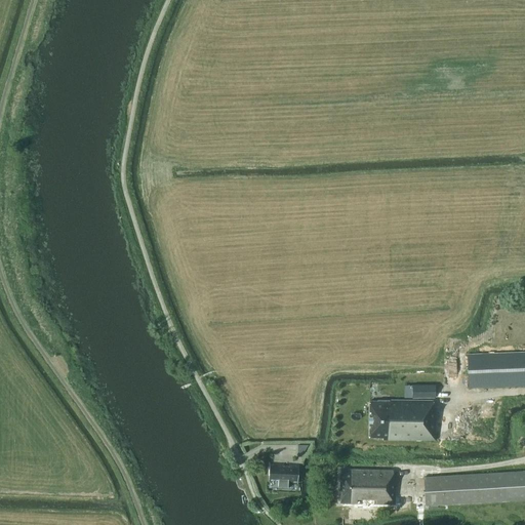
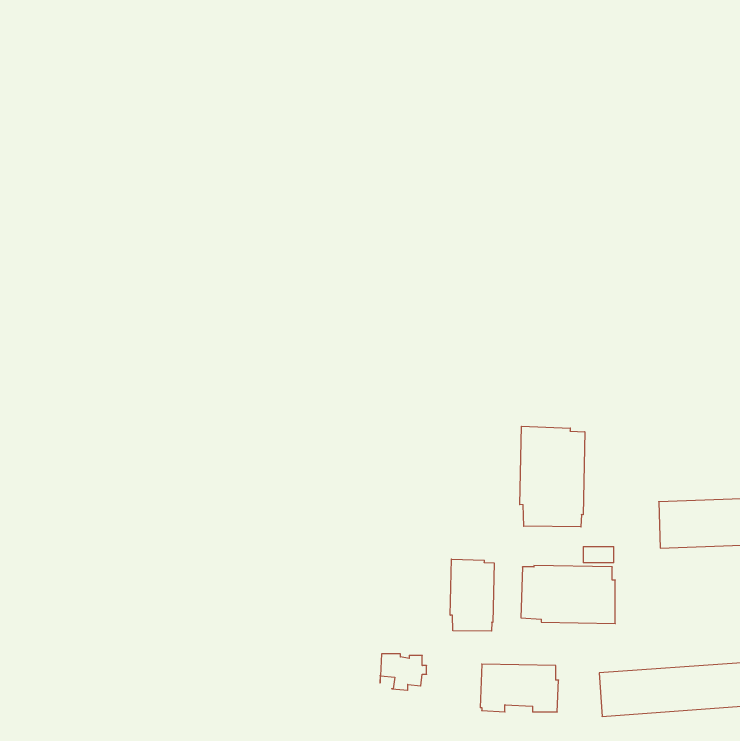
building: none -> [520,426,585,527]
building: none -> [450,559,494,631]

